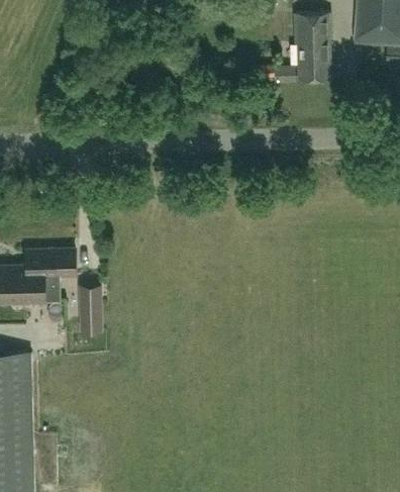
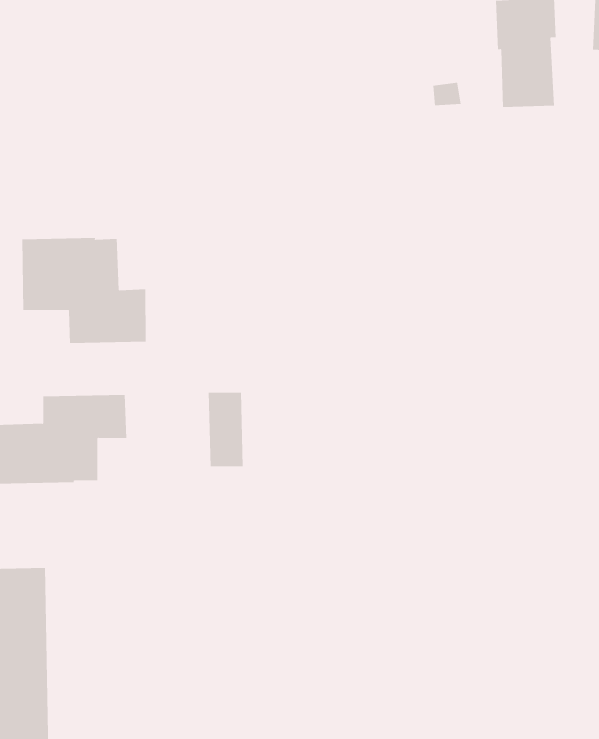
building: none -> [22,237,146,344]
building: [81,287,102,331] -> [208,392,244,467]

